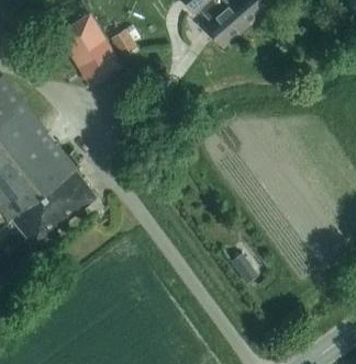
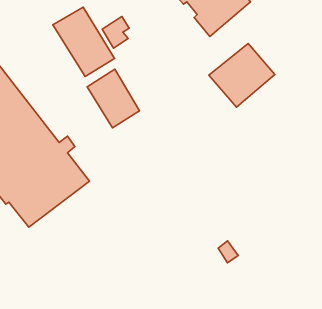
building: none -> [209,43,275,107]
building: none -> [87,69,140,128]

